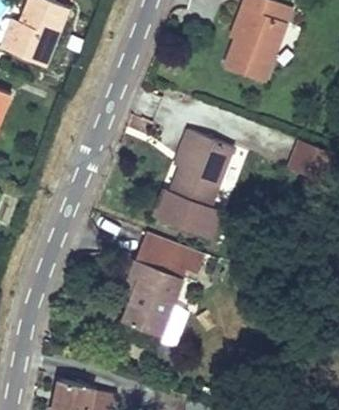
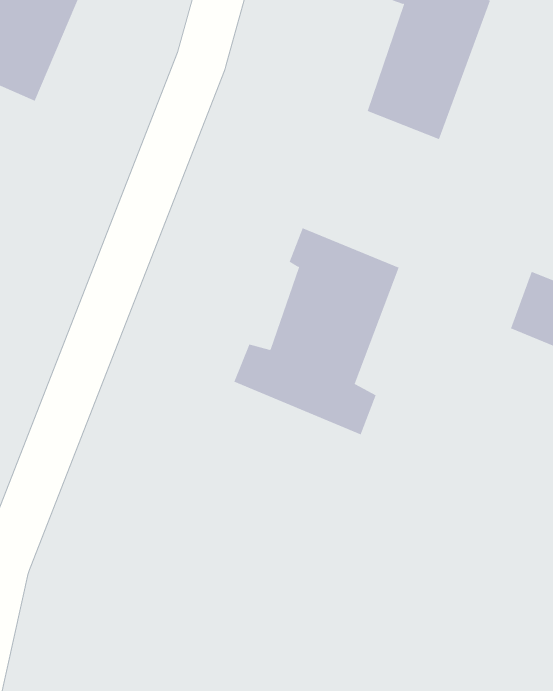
building: [119,230,205,341] -> none

